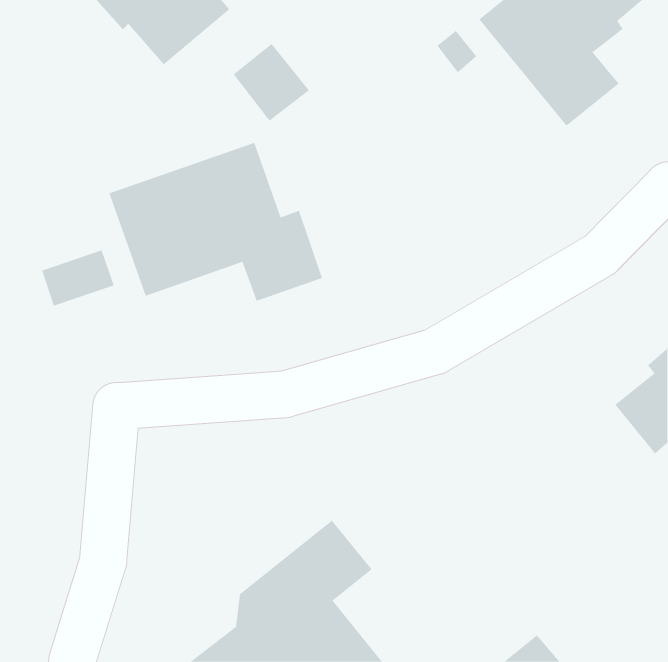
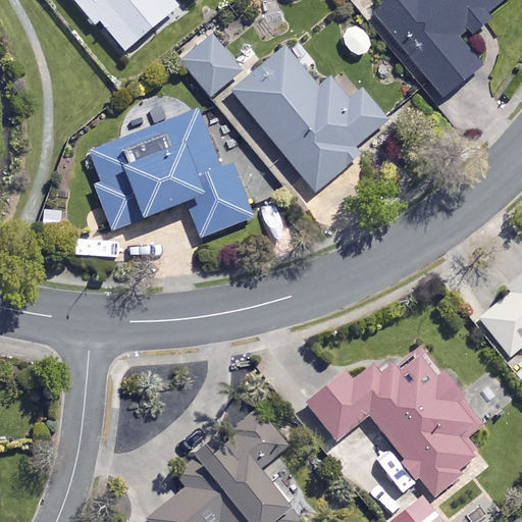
building: none -> [232,46,388,192]
building: [42,249,115,306] -> none
building: none -> [307,349,482,493]

